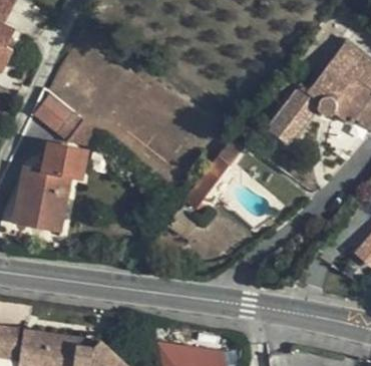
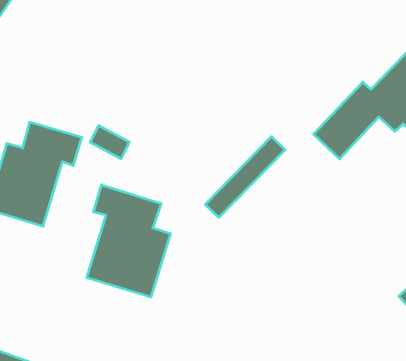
building: [26,107,75,148] -> none
building: none -> [87,185,171,297]

